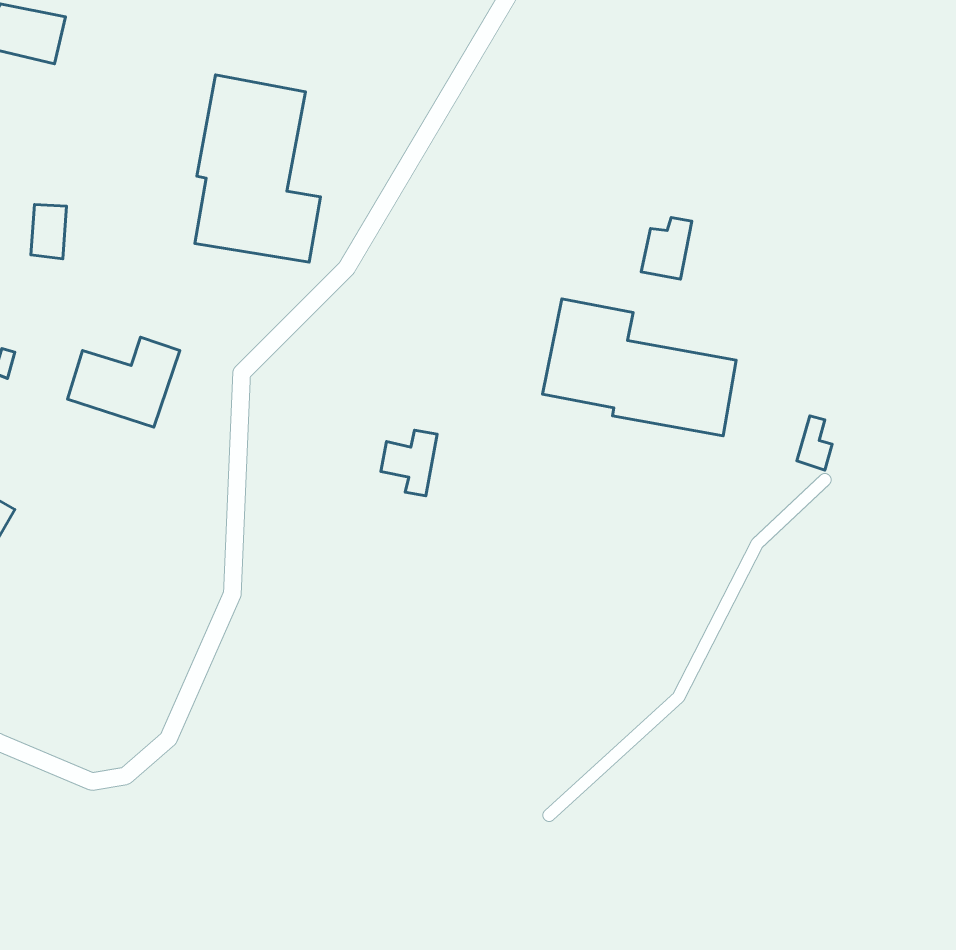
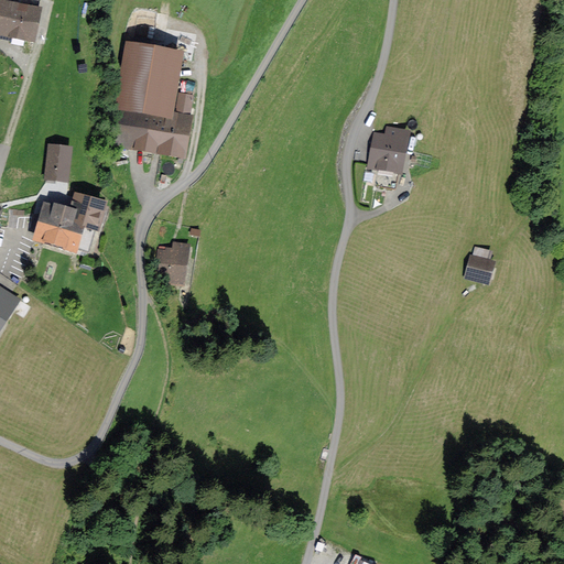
building: [31,204,67,259] -> [46,147,67,178]
building: [543,299,736,436] -> none
building: [381,430,437,496] -> [155,242,188,281]

